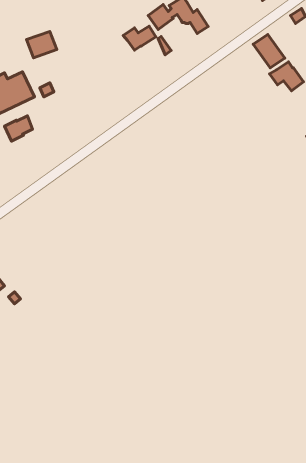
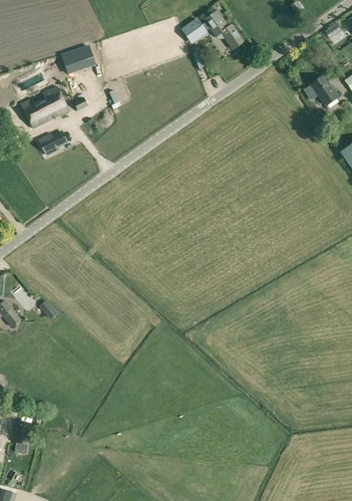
building: [123,26,156,50] -> none
building: [253,35,285,68] -> none

